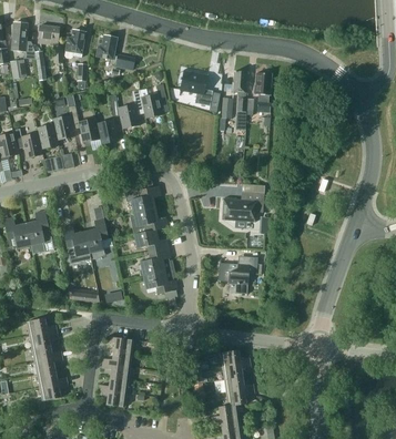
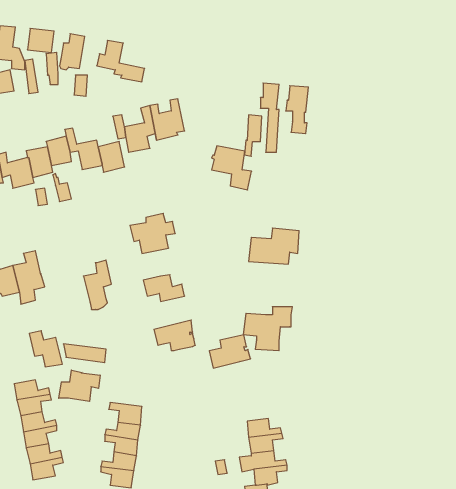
building: [180,69,213,105] -> [212,146,252,190]
building: [133,207,169,231] -> none
building: [62,225,90,255] -> [29,331,62,367]
building: [140,247,174,275] -> [209,335,251,368]
building: none -> [59,370,100,401]

